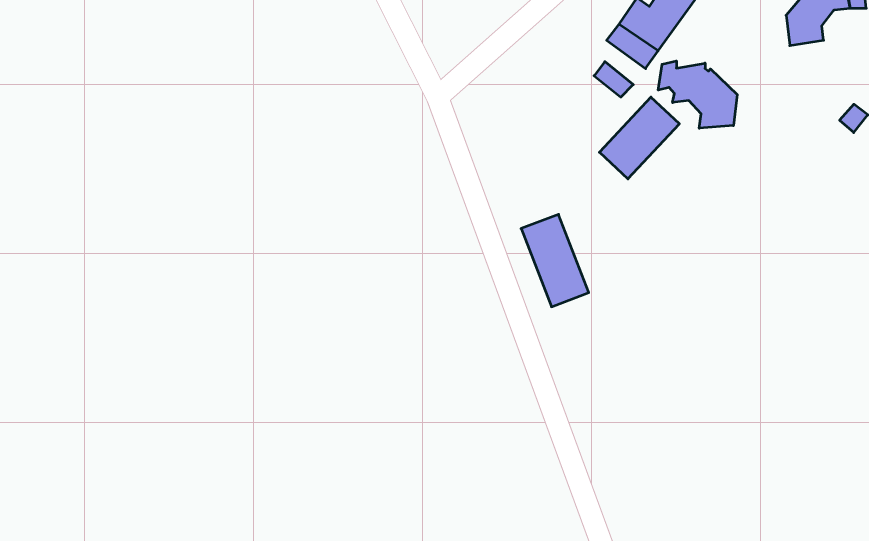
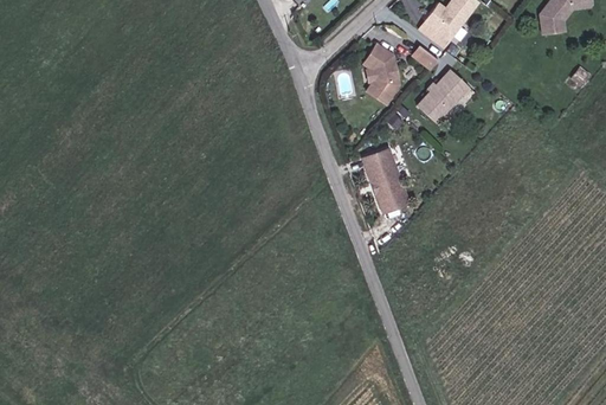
building: [658,61,737,128] -> none
building: none -> [360,45,394,104]

